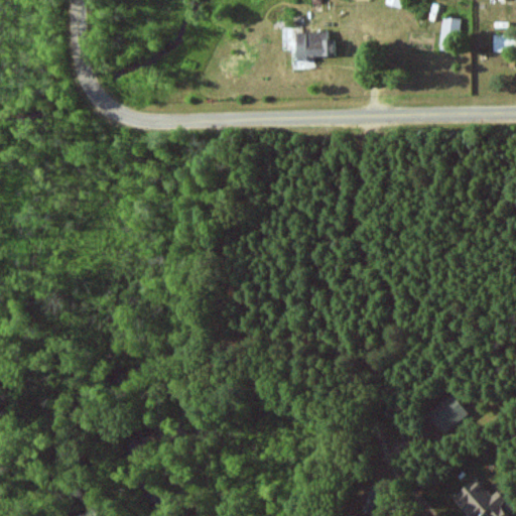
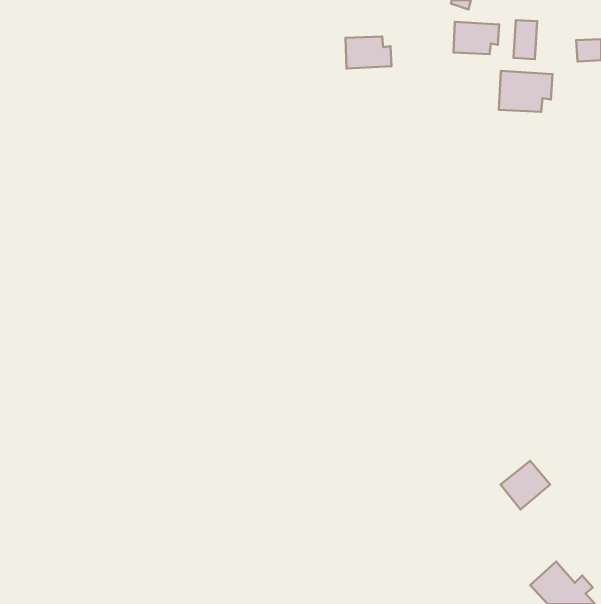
building: none -> [453,22,499,54]
building: none -> [499,71,552,112]

